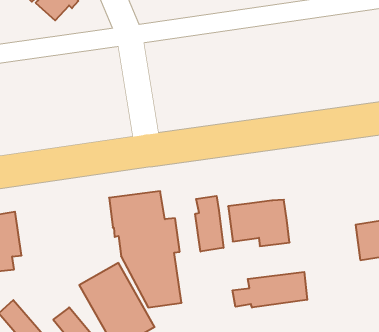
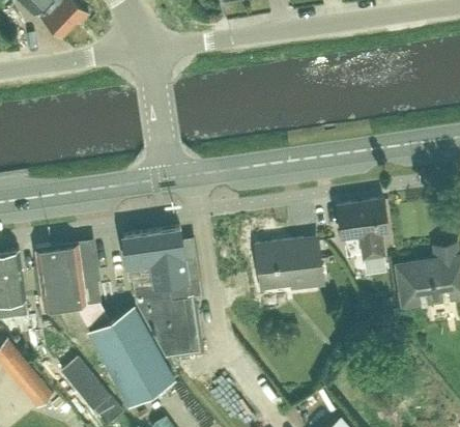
building: none -> [336,199,387,259]
building: [195,196,223,252] -> none
building: none -> [35,245,98,313]
building: [233,272,307,308] -> none

